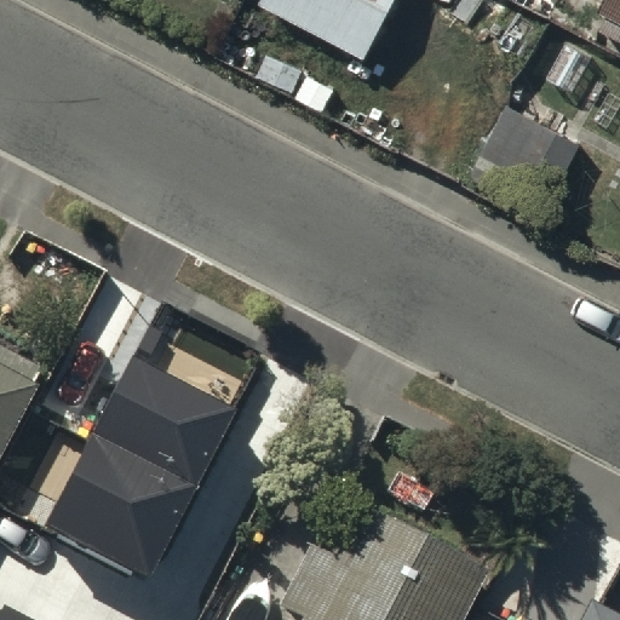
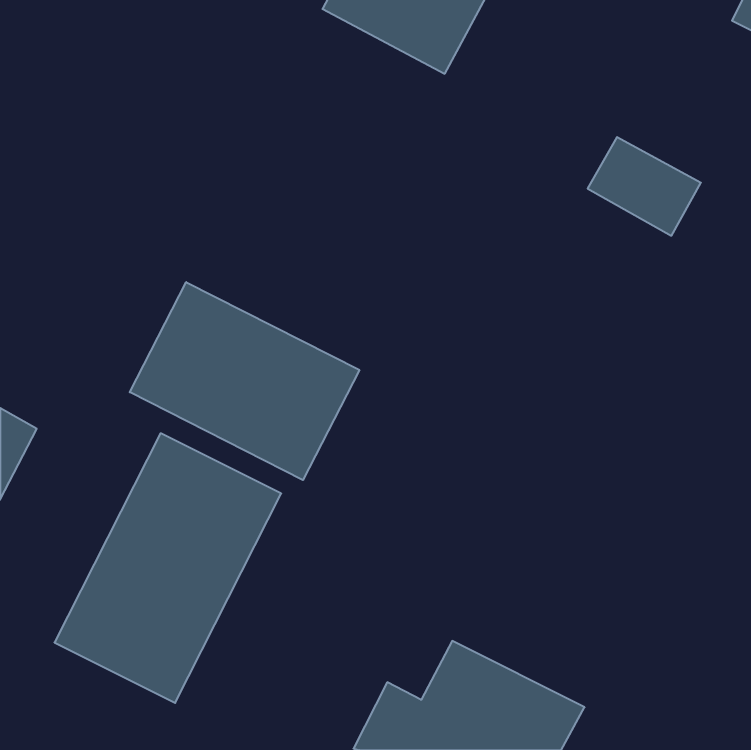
building: none -> [130,282,359,480]

